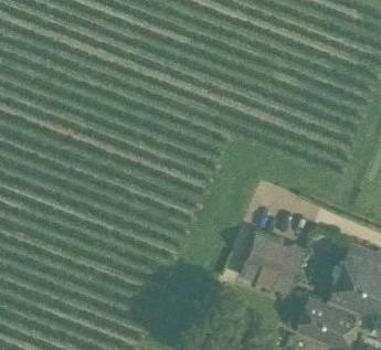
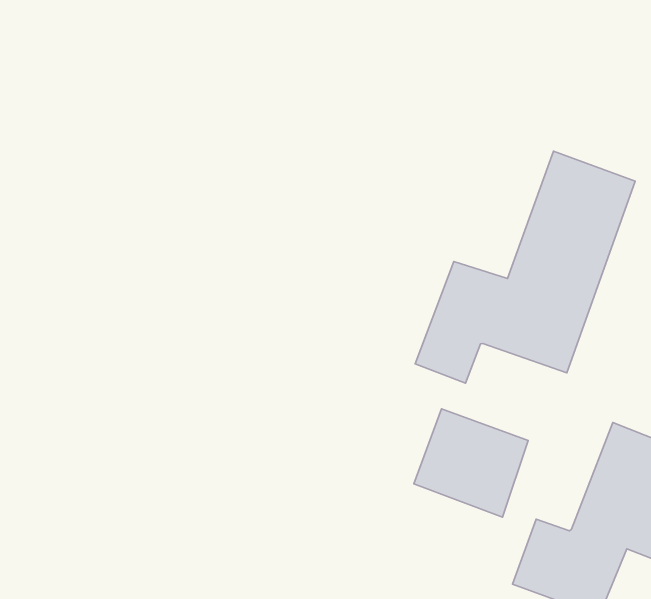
building: none -> [415,151,635,383]

